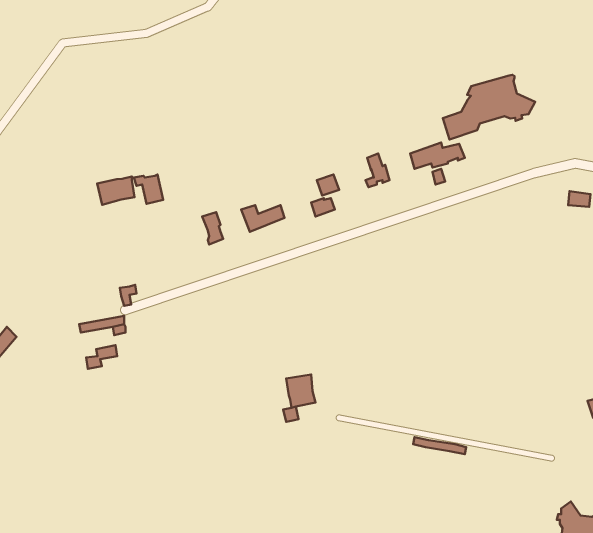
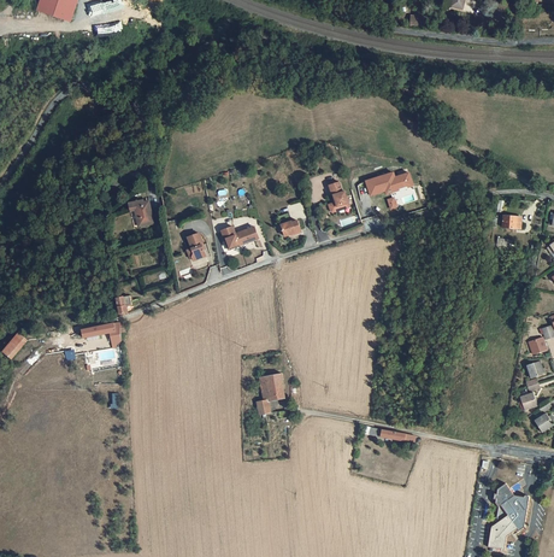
building: [443,75,535,140] -> none
building: [97,176,134,205] -> none

